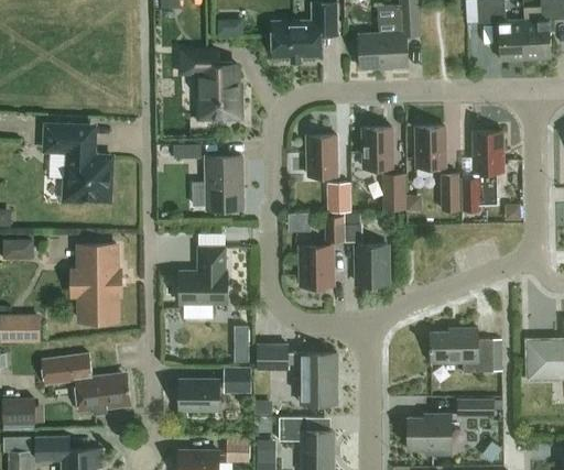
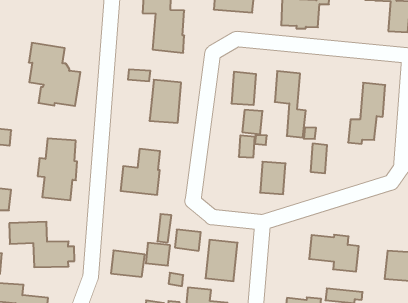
building: [416,127,446,168] -> none
building: [441,175,460,211] -> [311,144,327,173]
building: [302,245,332,286] -> none

